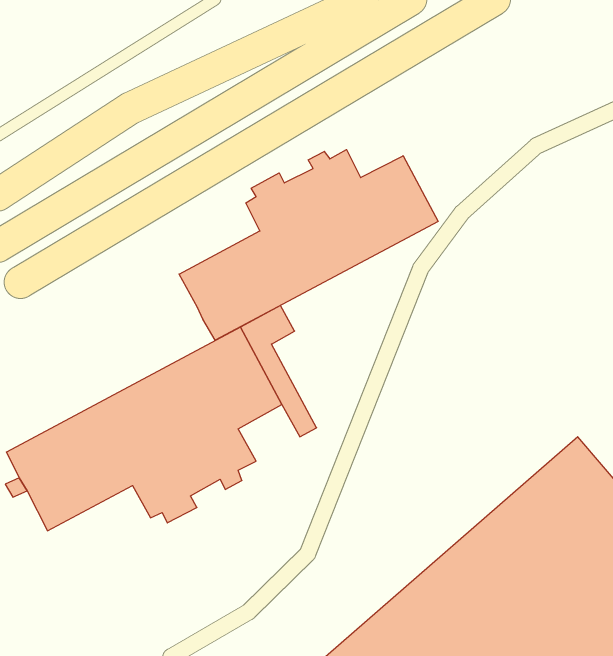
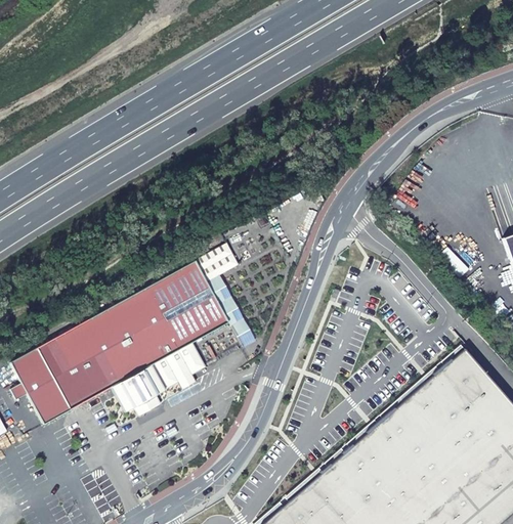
building: [179,150,438,340] -> none

